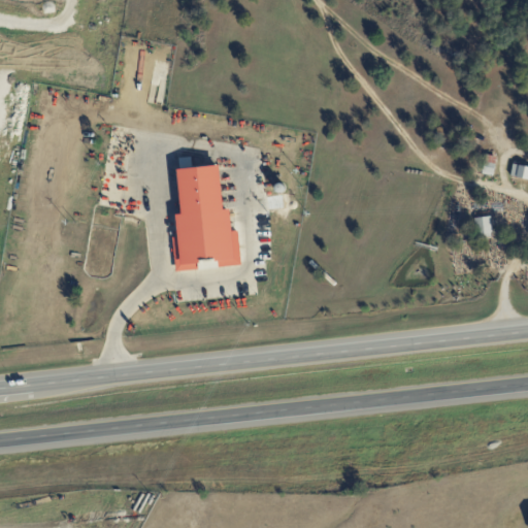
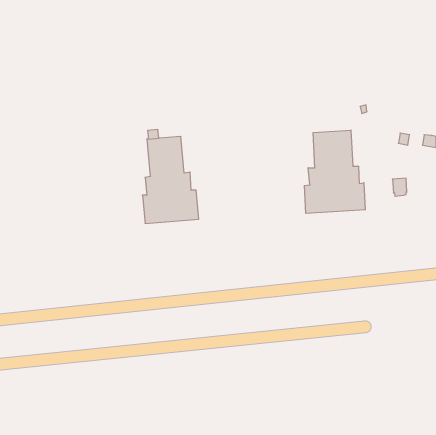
building: none -> [304,130,365,213]

